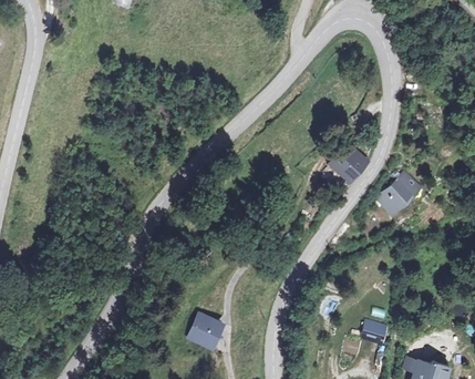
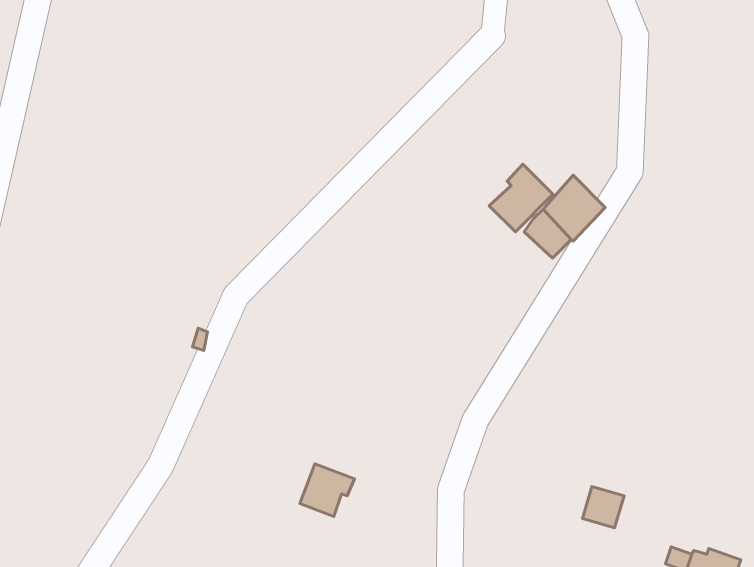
building: none -> [489,164,553,232]
building: [380,171,421,212] -> none

